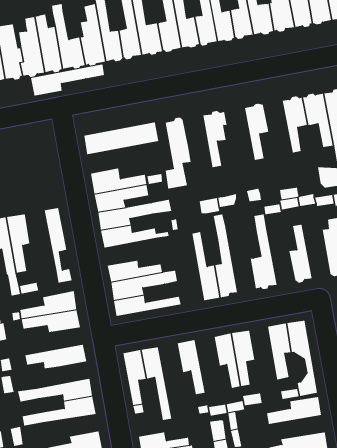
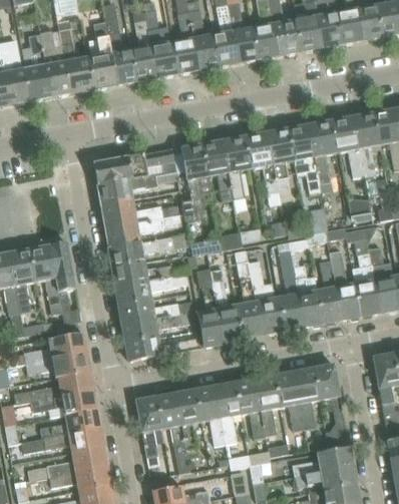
building: [30,64,105,96] -> [96,169,177,204]
building: none -> [289,125,321,191]
building: none -> [246,133,279,192]
building: none -> [202,141,233,200]
building: none -> [30,244,63,313]
building: none -> [330,249,361,320]
building: none -> [248,260,280,335]
building: none -> [293,265,323,327]
building: none -> [194,267,224,347]
building: none -> [115,273,188,305]
building: none -> [274,371,303,431]
building: none -> [13,372,93,404]
building: none -> [215,382,241,443]
building: none -> [174,389,201,457]
building: none -> [40,409,100,438]
building: none -> [49,466,110,490]
building: none -> [294,467,356,491]

